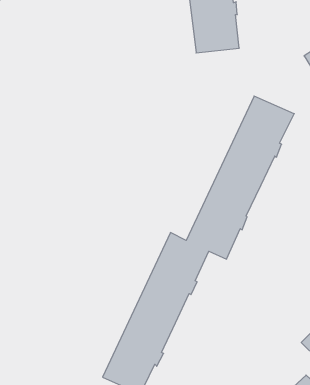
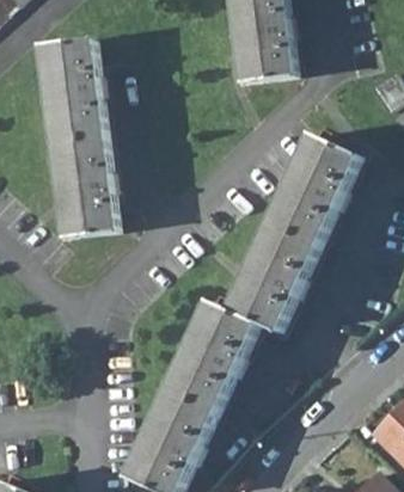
building: none -> [41,41,117,238]

